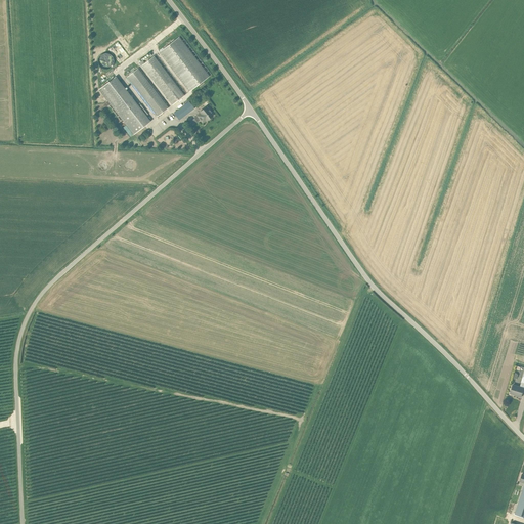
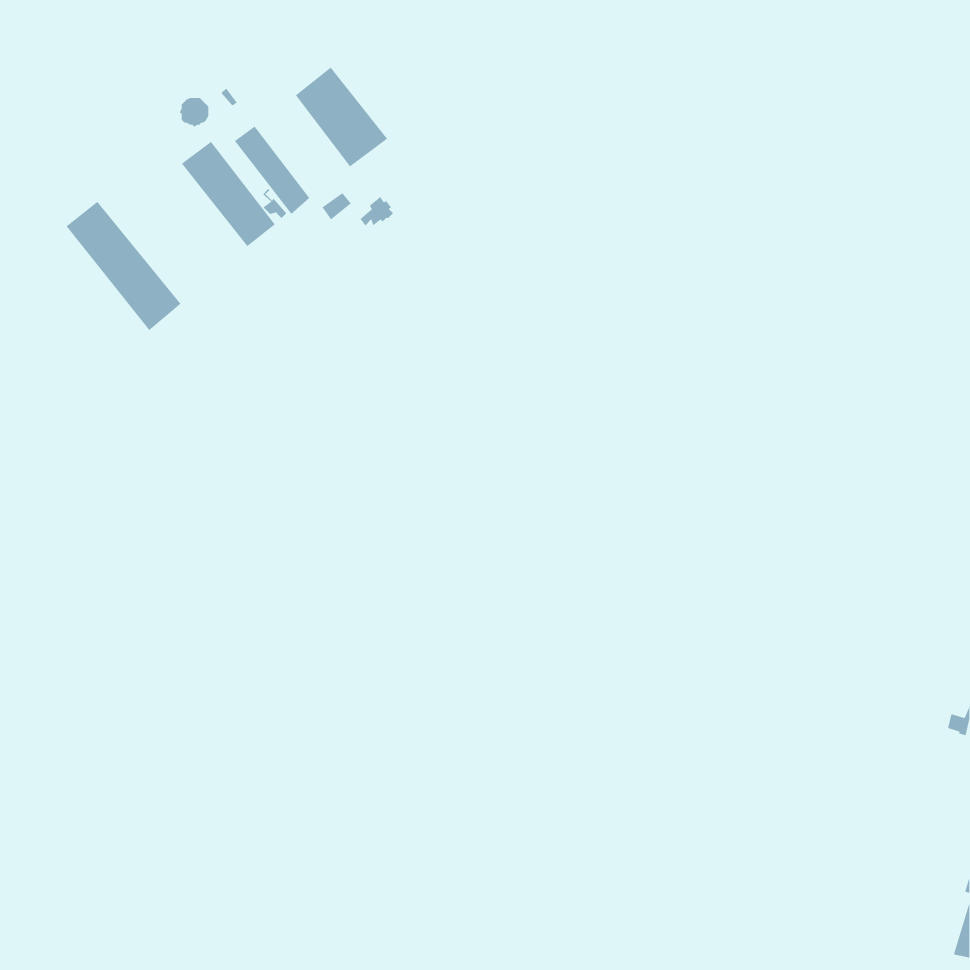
building: [141,55,183,103] -> none
building: none -> [66,201,181,331]

